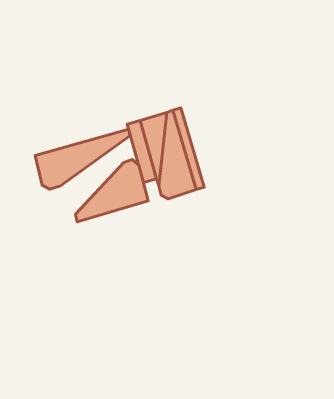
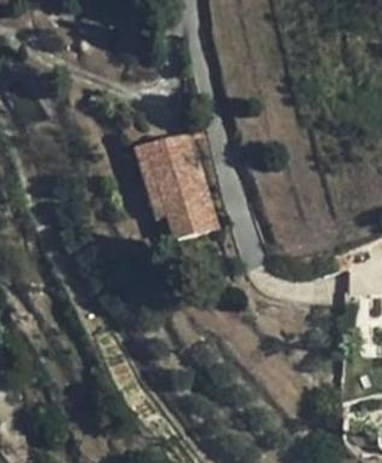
building: [35,129,130,189] -> none
building: [75,160,148,222] -> none

